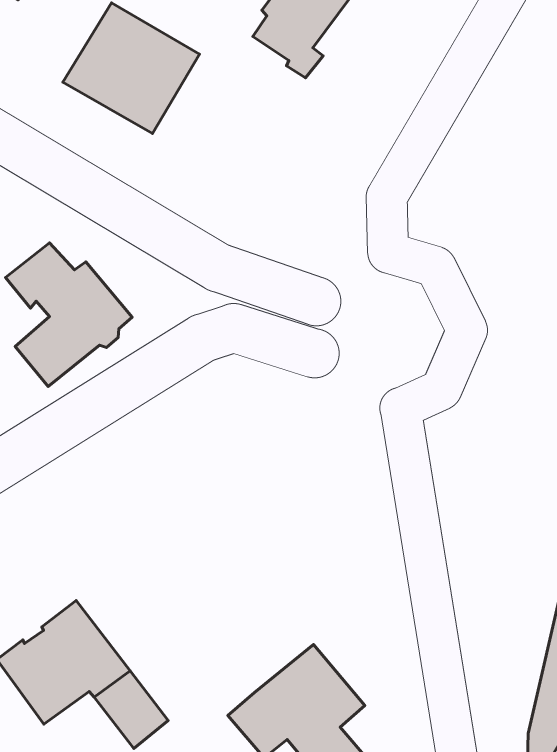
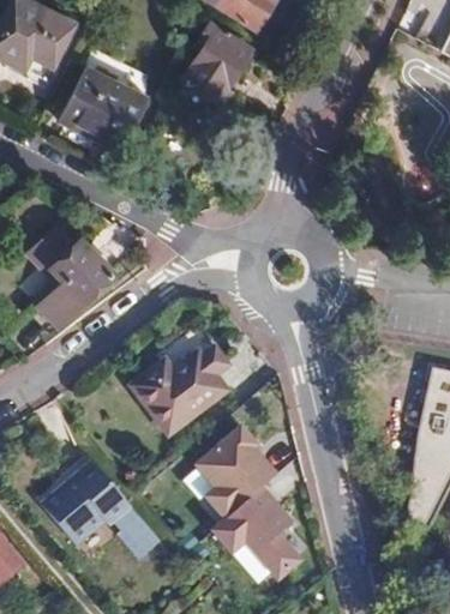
building: none -> [131,343,227,432]
building: none -> [191,421,269,517]

